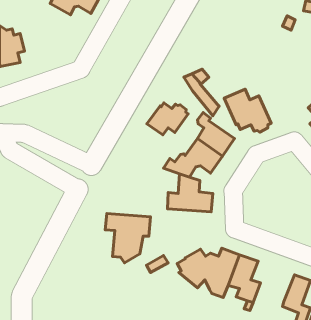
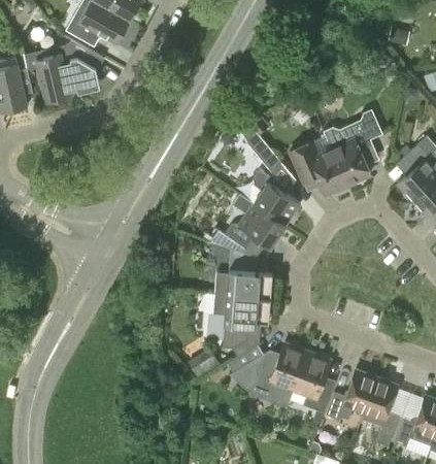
building: none -> [25,40,104,103]
building: none -> [332,110,383,186]
building: [147,103,188,135] -> none
building: [105,214,150,263] -> [213,294,271,357]
building: none -> [326,370,377,421]

